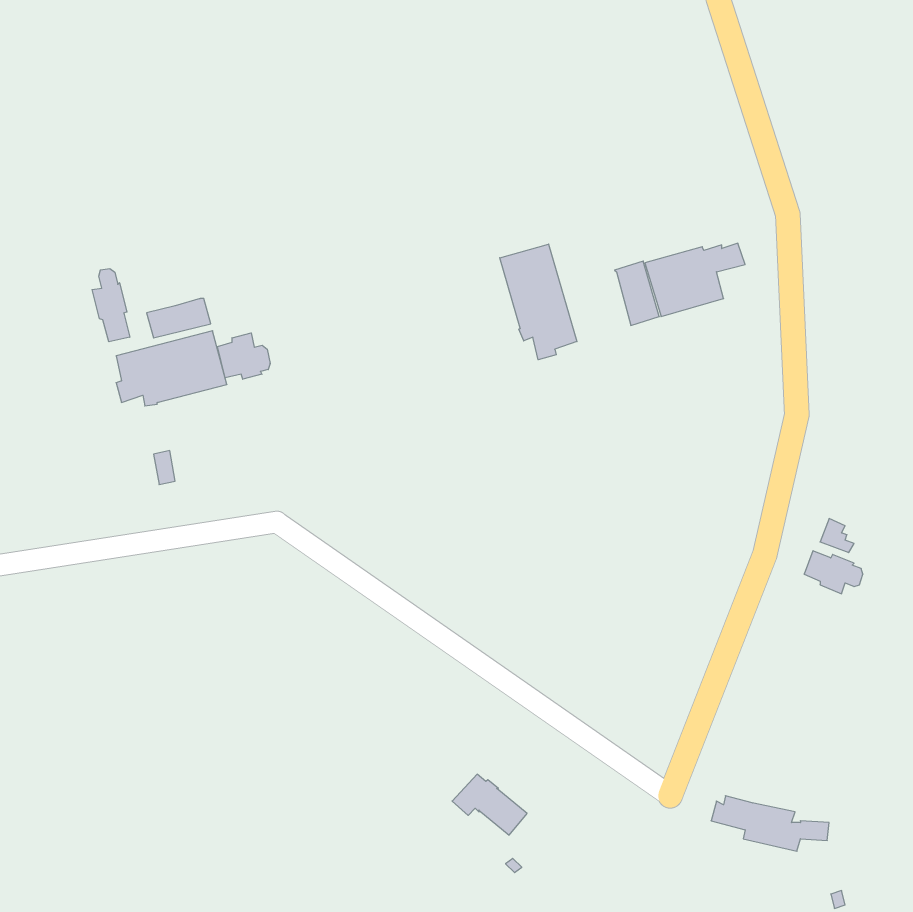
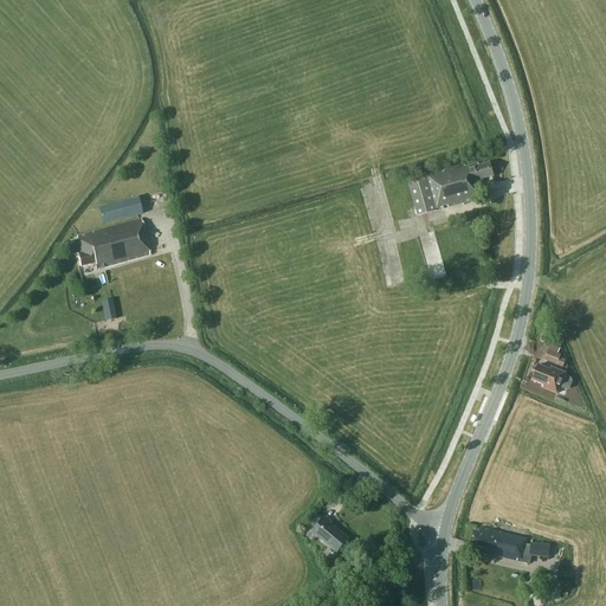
building: [500,244,577,360] -> none
building: [92,269,130,342] -> none
building: [218,333,270,379] -> none

